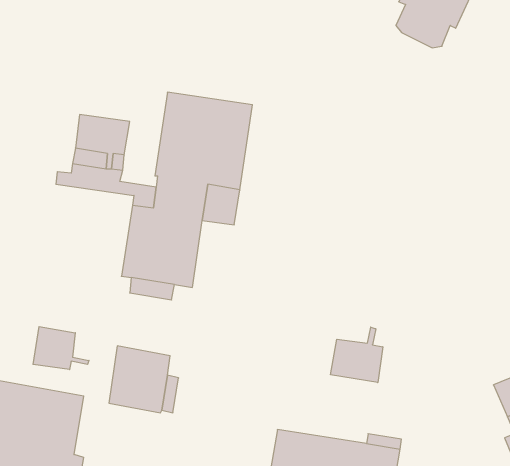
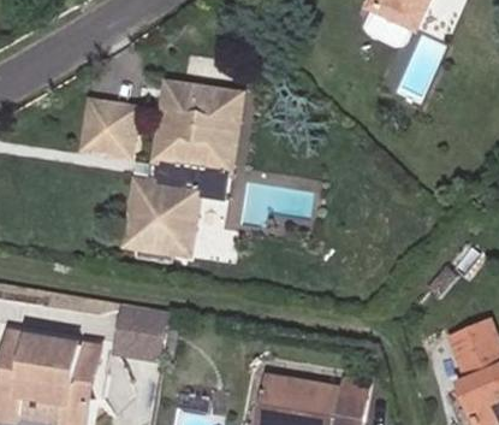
building: [33,327,89,370] -> none
building: [331,327,383,383] -> none

